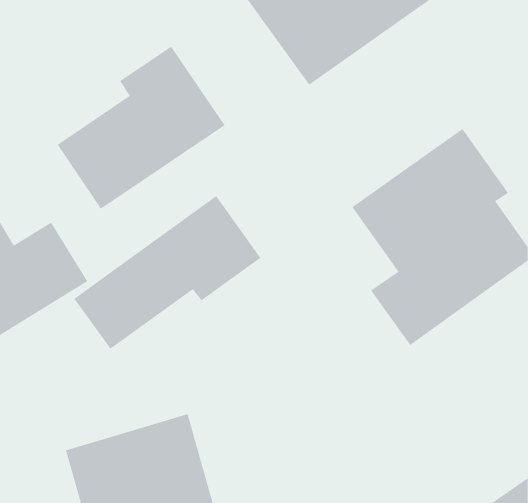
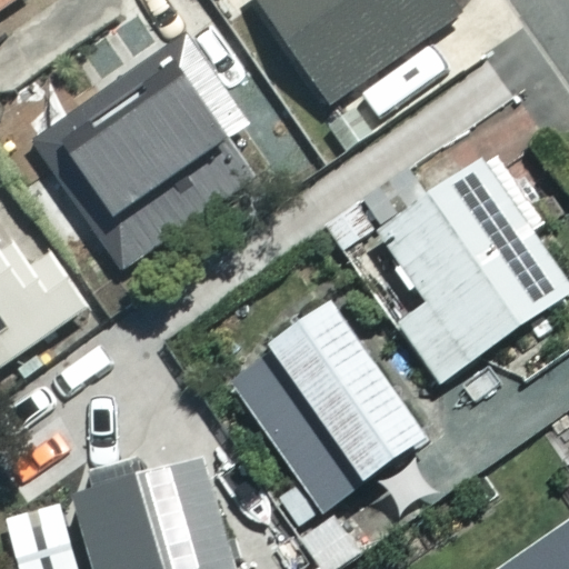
building: [73,195,261,350] -> none
building: none -> [224,305,423,511]

